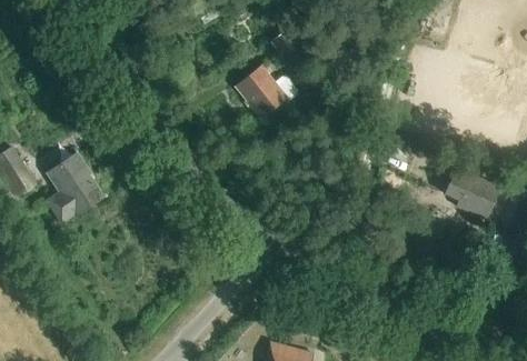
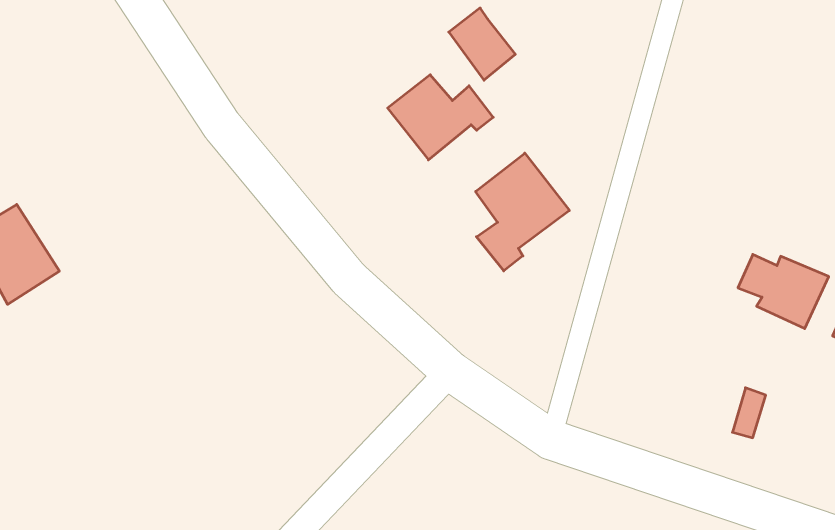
building: none -> [476,153,569,271]
building: [48,153,105,223] -> none

